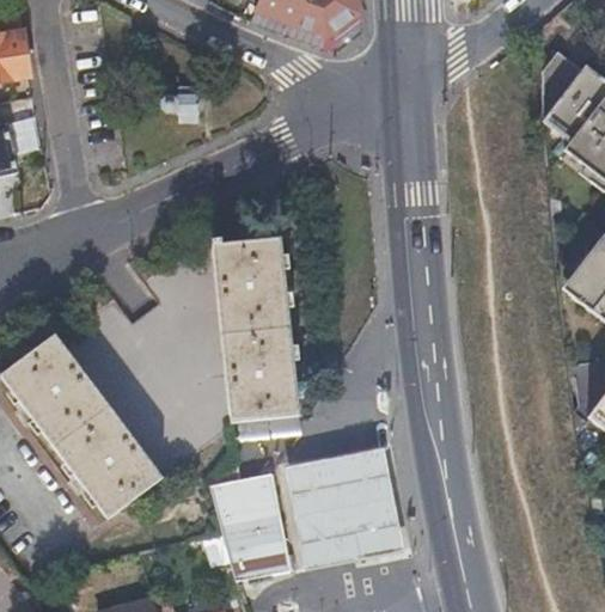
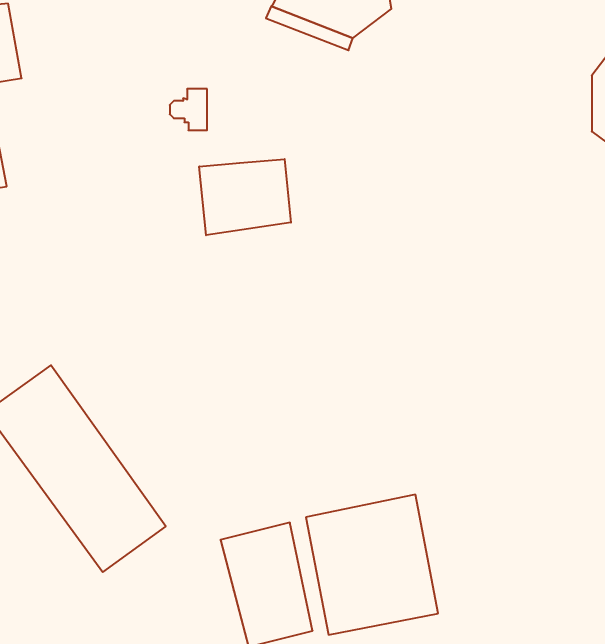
building: none -> [199,159,291,235]
building: [212,235,299,422] -> none

